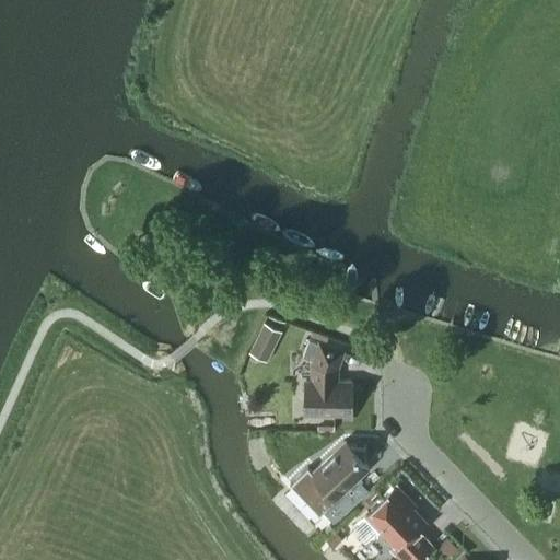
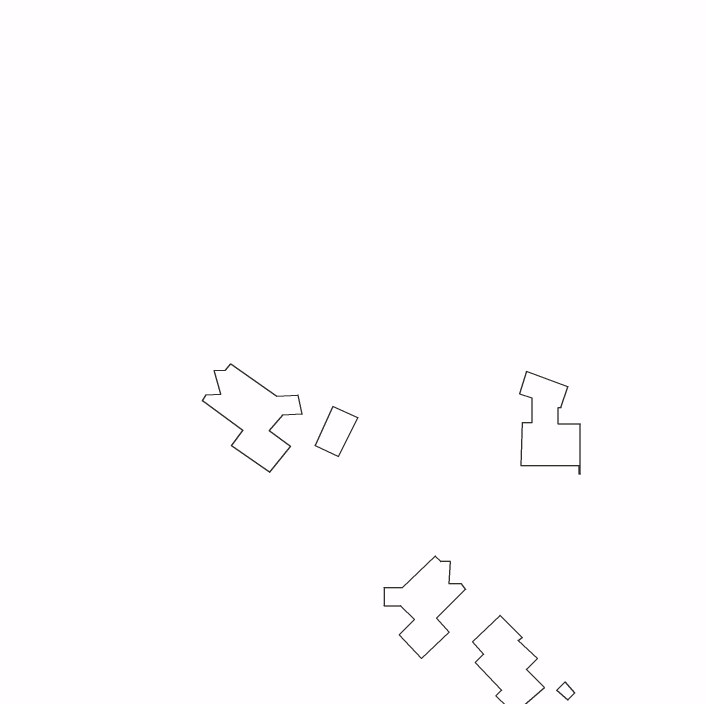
building: none -> [202,364,302,472]
building: [303,340,351,421] -> [520,372,580,474]

